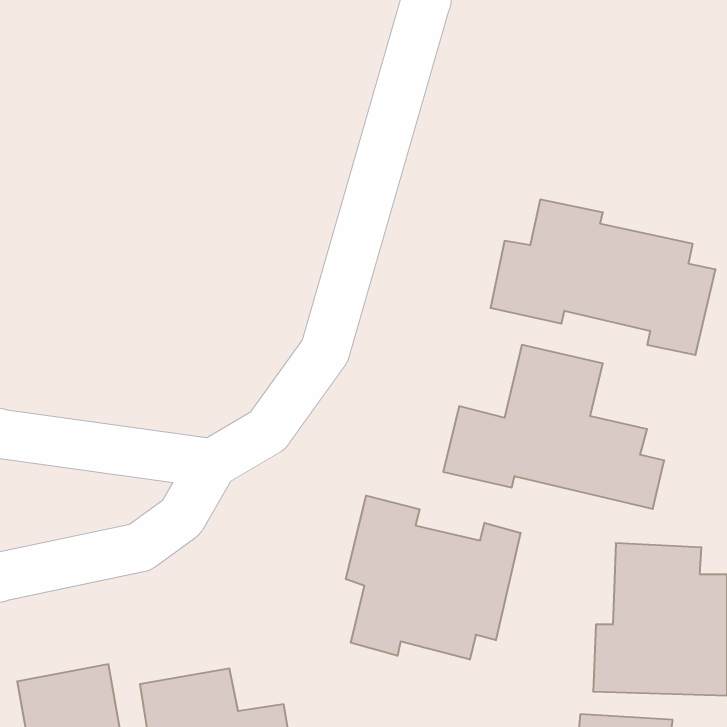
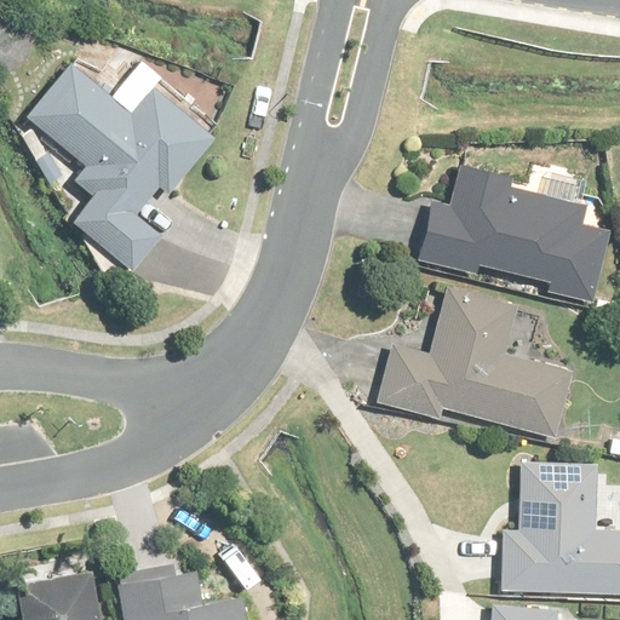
building: none -> [25,64,214,269]
building: [346,496,521,660] -> none

